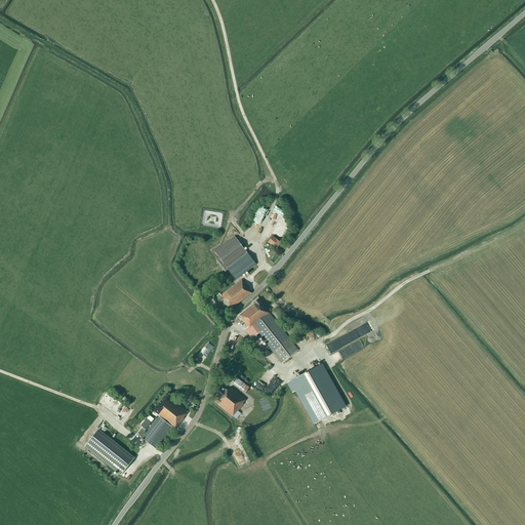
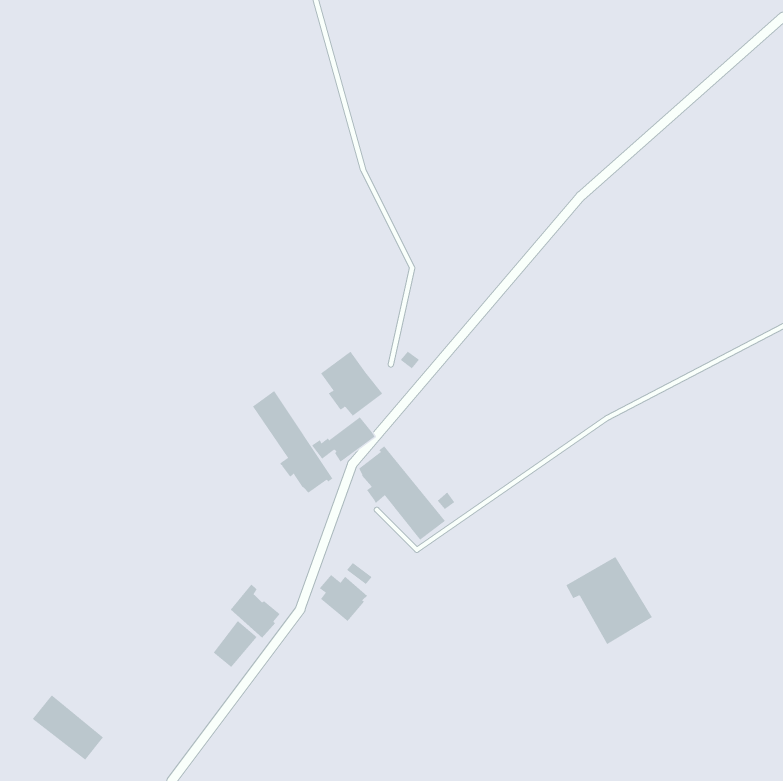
building: none -> [252,390,333,494]
building: [287,363,346,422] -> [565,556,653,645]
building: [85,430,133,474] -> [32,694,104,760]

